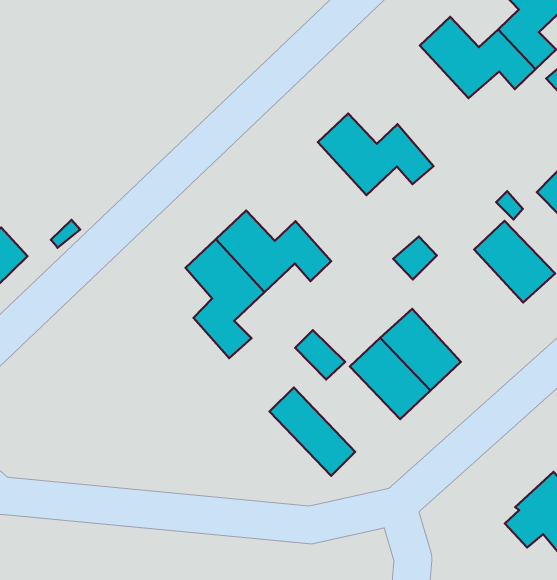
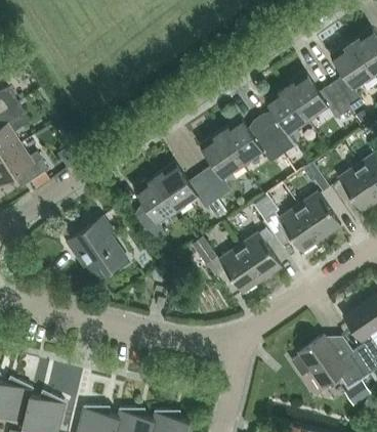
building: none -> [265,86,308,155]
building: none -> [200,131,243,199]
building: none -> [279,205,321,252]
building: none -> [67,217,125,278]
building: [269,388,355,476] -> none

